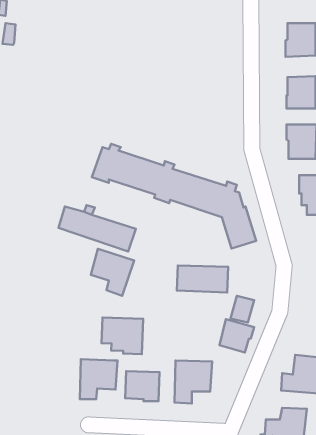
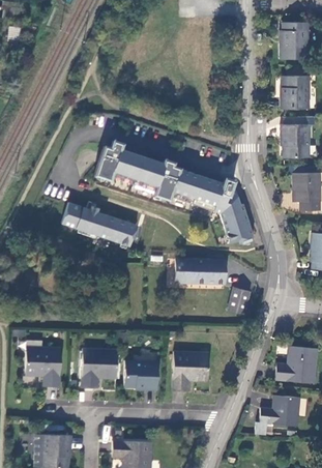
building: [91,249,134,296] -> none
building: [101,317,143,354] -> none
building: [220,319,254,353] -> none
building: none -> [26,347,61,386]

